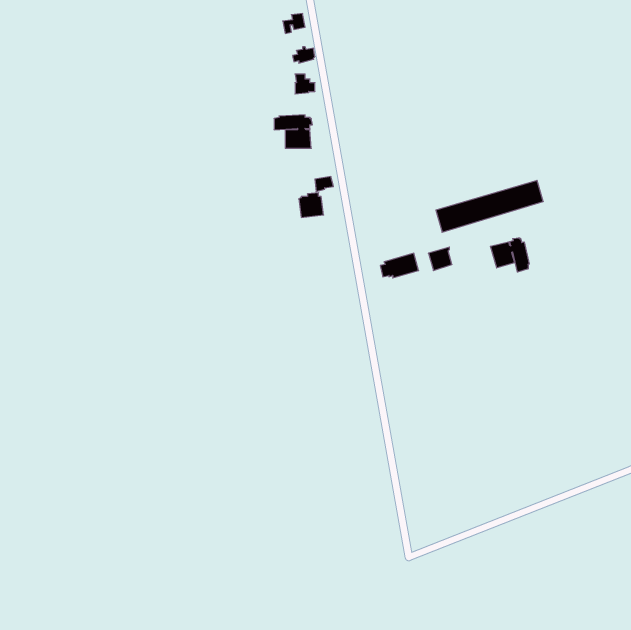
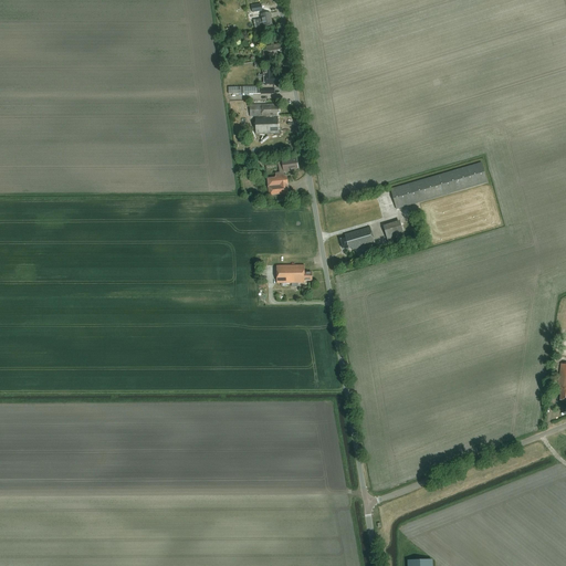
building: [490,238,529,272] -> none
building: none -> [276,264,312,282]

